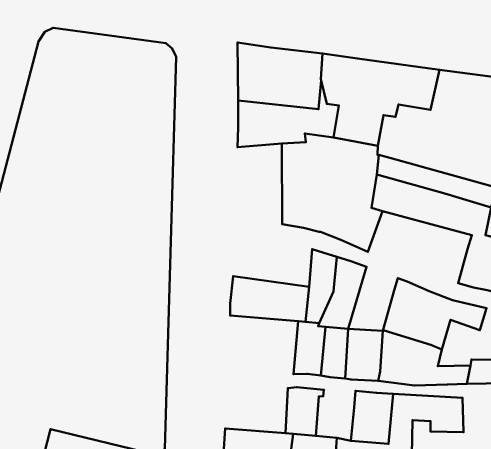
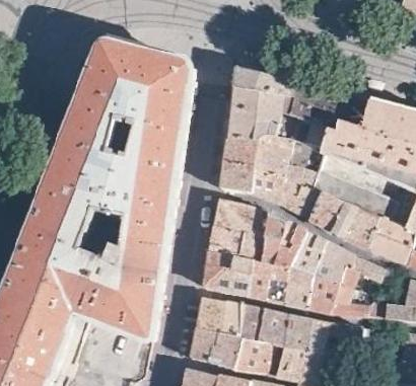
building: none -> [220,138,256,194]
building: none -> [305,192,377,247]
building: none -> [212,201,268,238]
building: none -> [286,229,324,274]
building: none -> [202,251,253,296]
building: none -> [195,297,240,335]
building: none -> [256,309,286,345]

